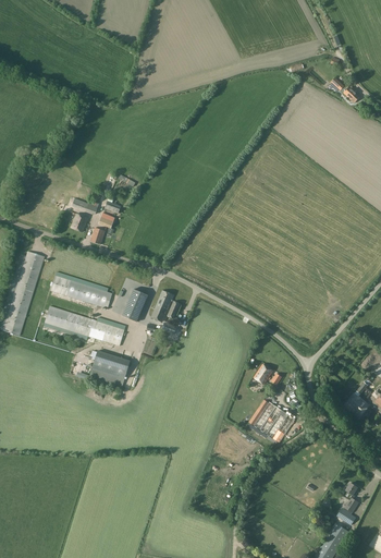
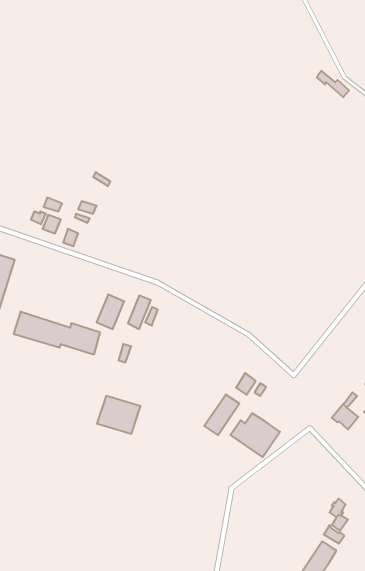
building: [50,271,112,308] -> none
building: [89,350,131,386] -> [97,396,141,434]
building: none -> [204,394,239,435]

